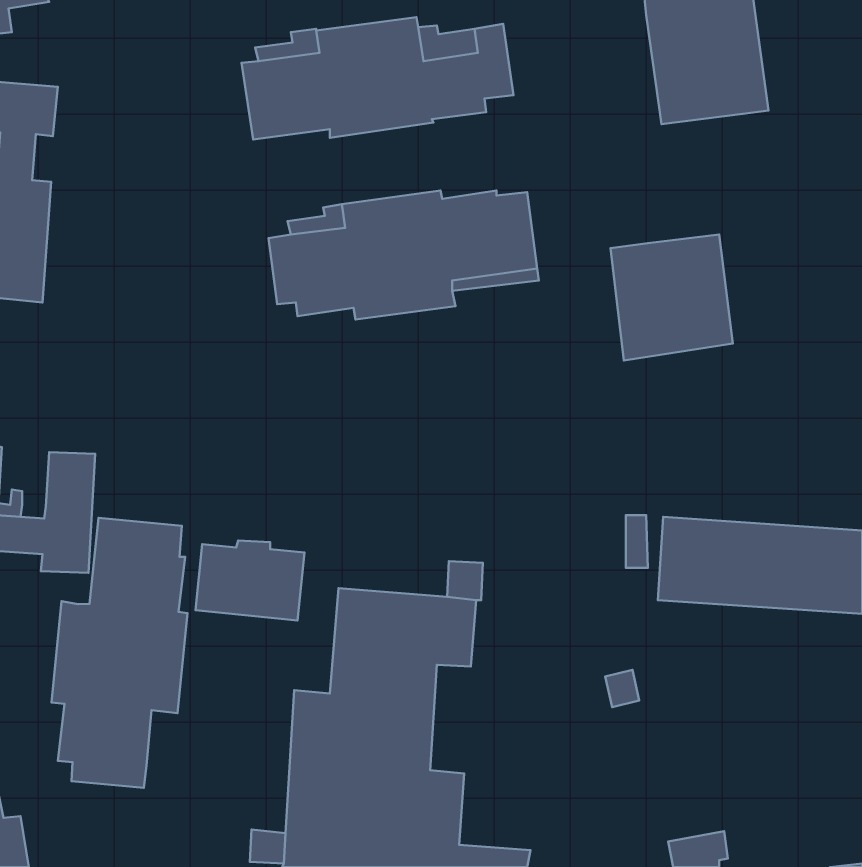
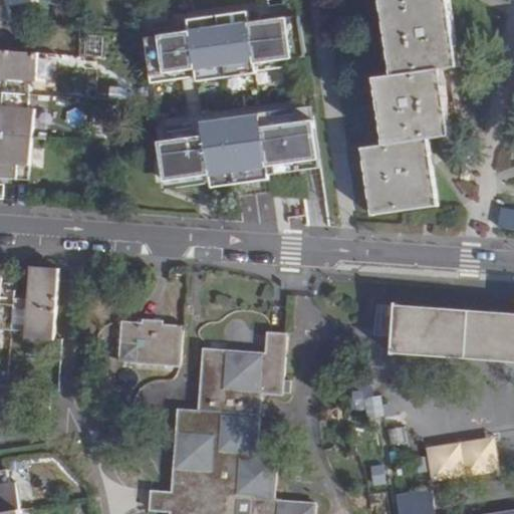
building: none -> [373,67,448,144]
building: [51,518,188,788] -> none
building: none -> [421,438,494,480]

